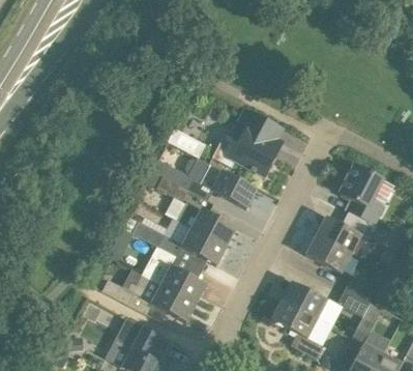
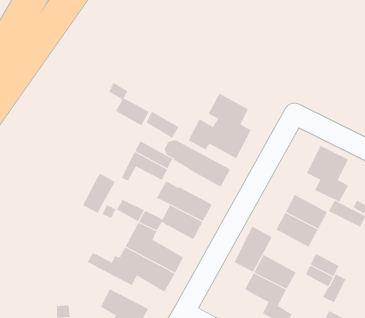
building: none -> [108,82,150,126]
building: none -> [82,173,116,214]
building: none -> [234,226,273,272]

